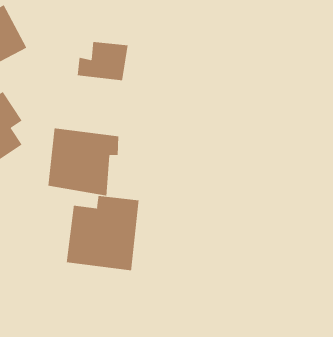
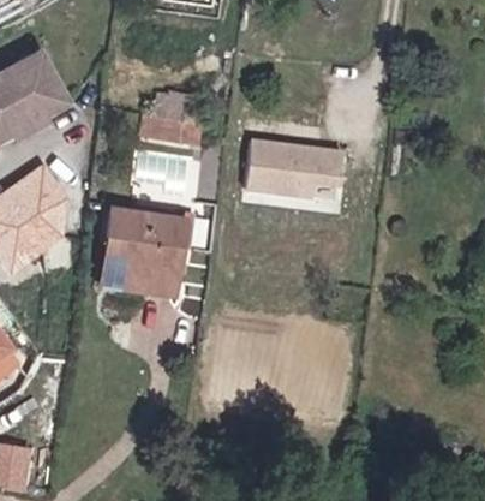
building: none -> [247,138,347,196]
building: [66,195,139,271] -> none

